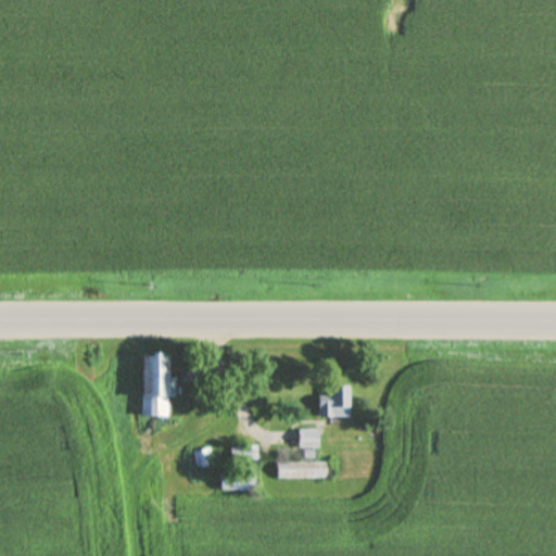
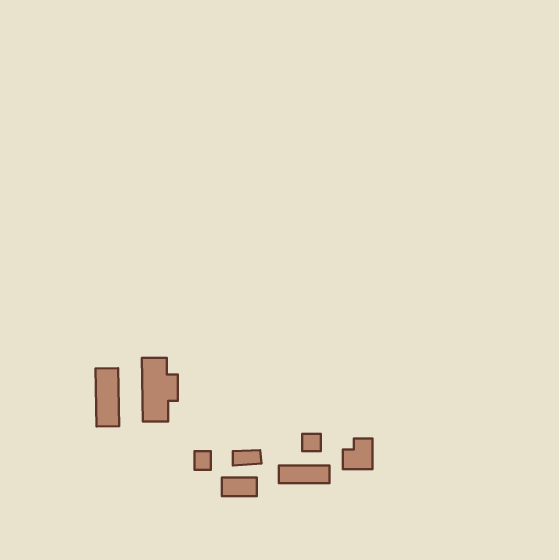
building: none -> [95,368,119,427]
building: [320,386,350,416] -> [343,439,372,469]

